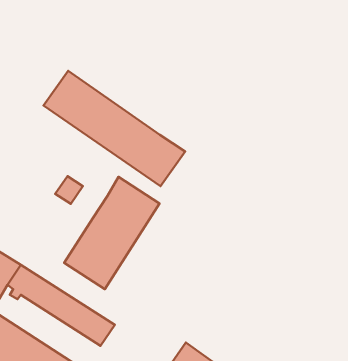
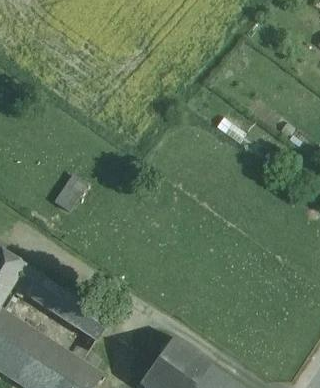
building: [44,71,185,186] -> none
building: [64,177,159,289] -> none

